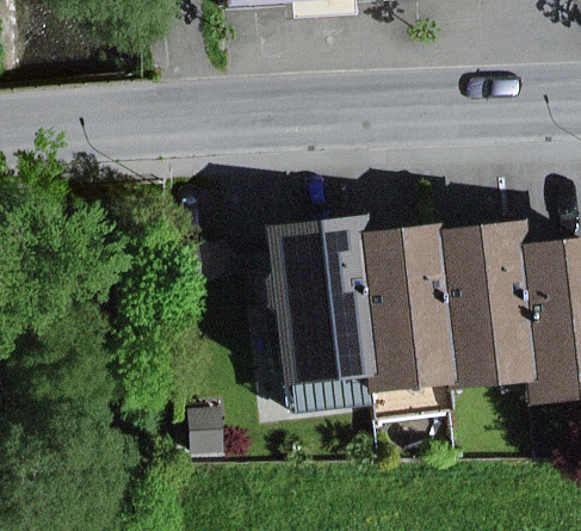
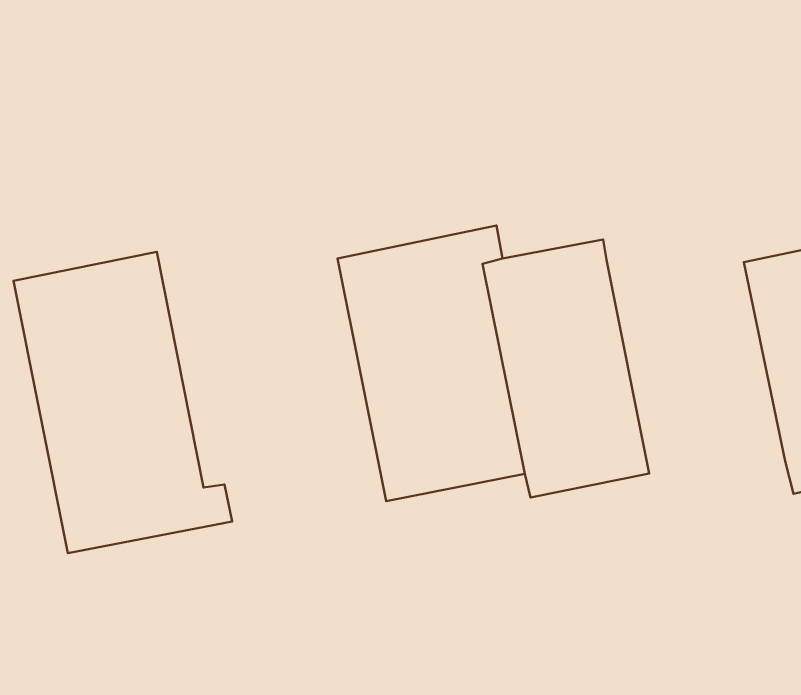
building: none -> [13,252,232,553]
building: [435,229,540,389] -> none

